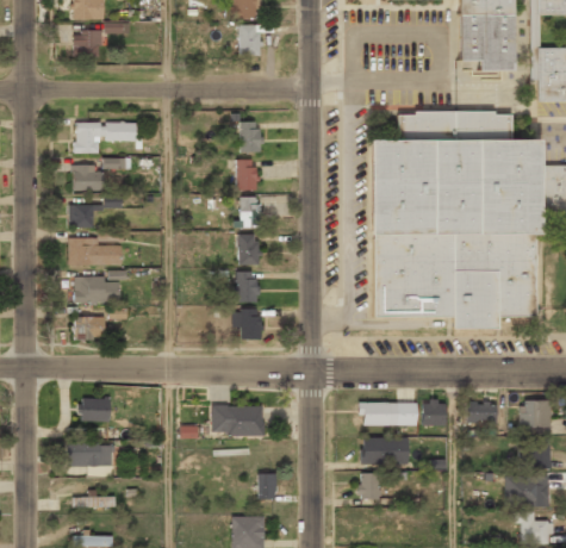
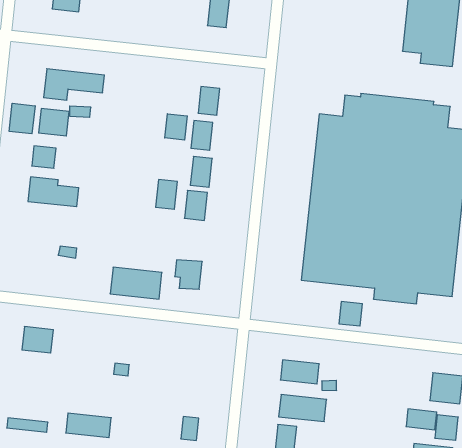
building: none -> [165,114,187,140]
building: none -> [9,103,35,134]
building: [238,272,259,301] -> [156,180,177,209]
building: [75,278,120,303] -> none
building: [74,317,105,341] -> none
building: [424,403,447,426] -> [339,302,362,326]
building: [467,404,498,423] -> [406,409,437,430]
building: [212,407,265,436] -> [110,267,162,299]
building: [68,444,114,466] -> [66,413,111,438]

